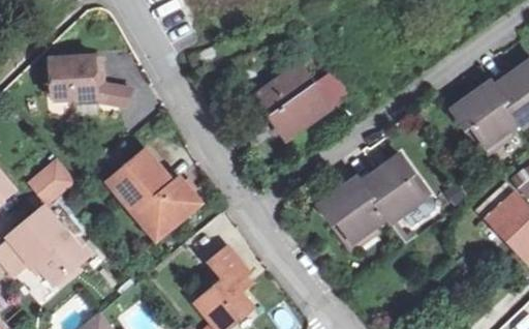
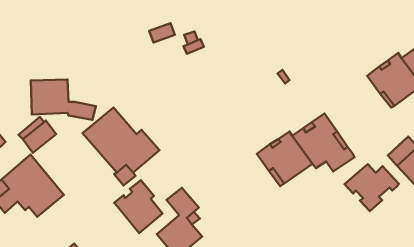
building: [55,56,133,104] -> [31,80,96,120]
building: [254,67,345,139] -> none
building: none -> [345,164,399,211]
building: none -> [114,180,163,233]

